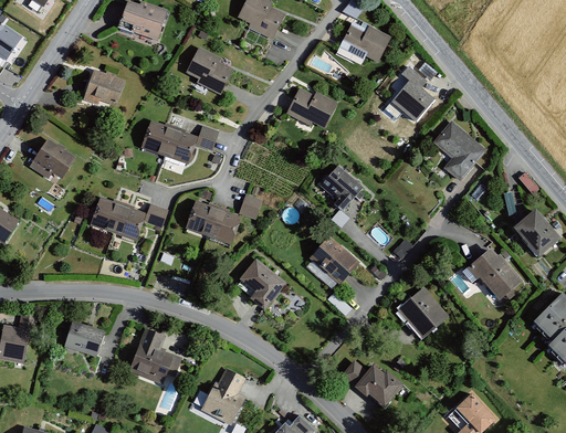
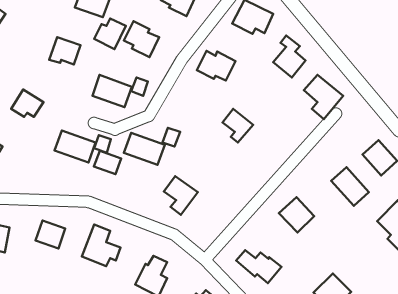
building: none -> [94,19,126,49]
building: none -> [94,151,121,174]
building: [308,235,360,286] -> none

